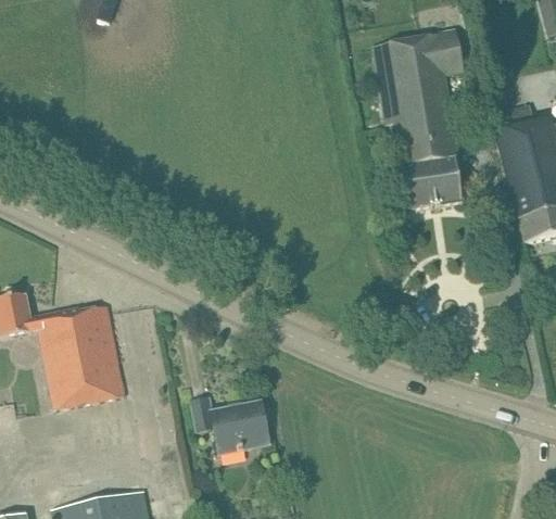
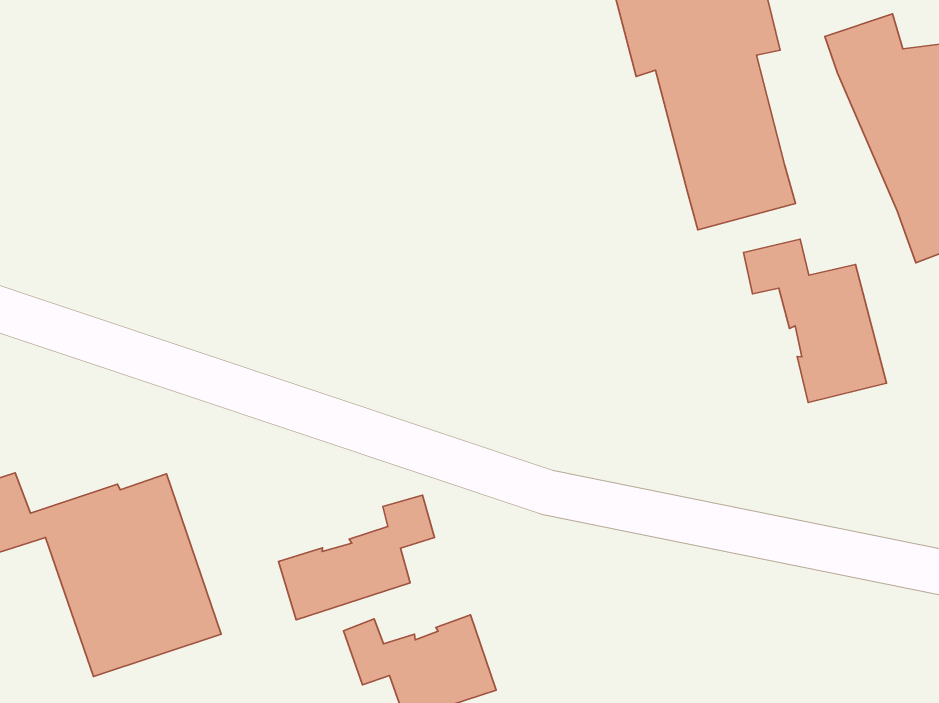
building: none -> [743,239,887,402]
building: none -> [278,495,435,620]

